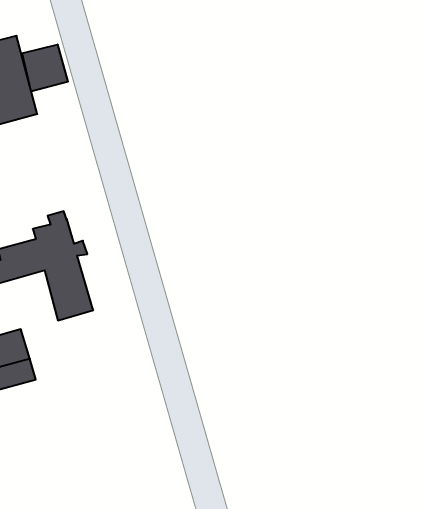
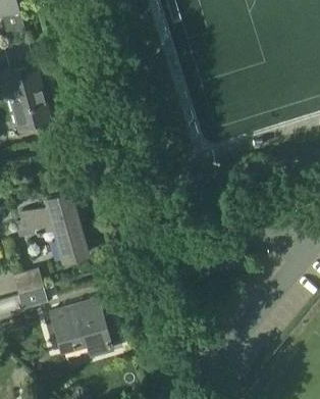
building: [22,44,68,91] -> none
building: none -> [50,299,112,357]

